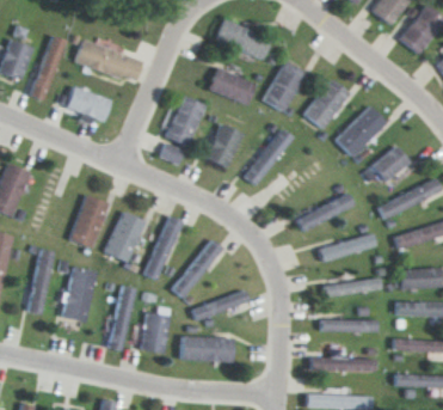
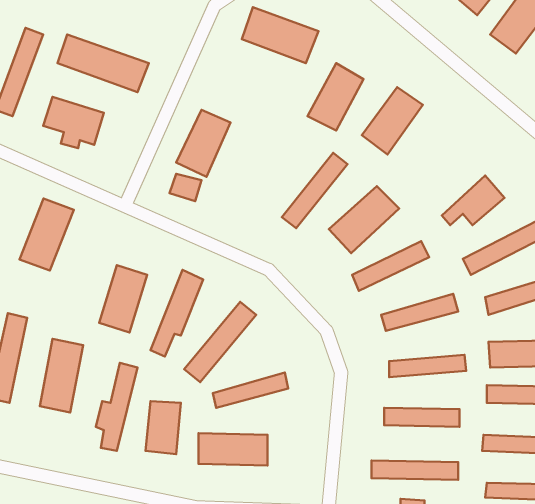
building: [208,68,256,104] -> none
building: [334,106,387,157] -> [329,186,399,253]
building: [205,123,242,167] -> none
building: [69,195,110,249] -> [19,199,74,271]

